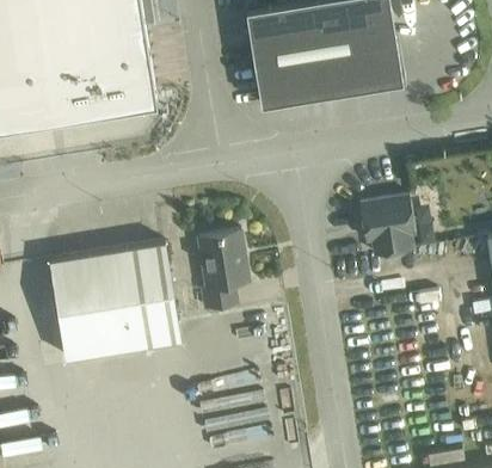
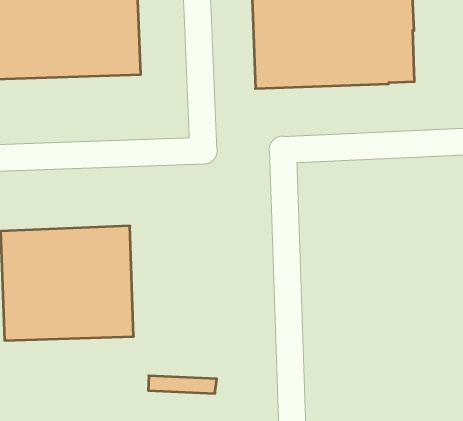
building: [359,198,416,258] -> none
building: [198,233,250,312] -> none

